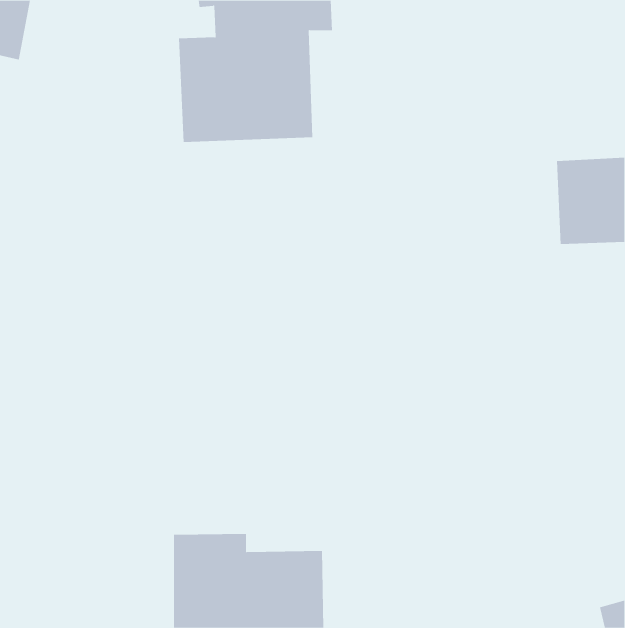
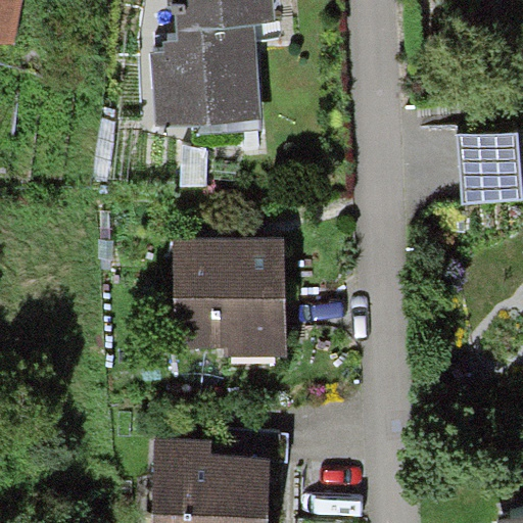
building: none -> [171,238,285,356]

